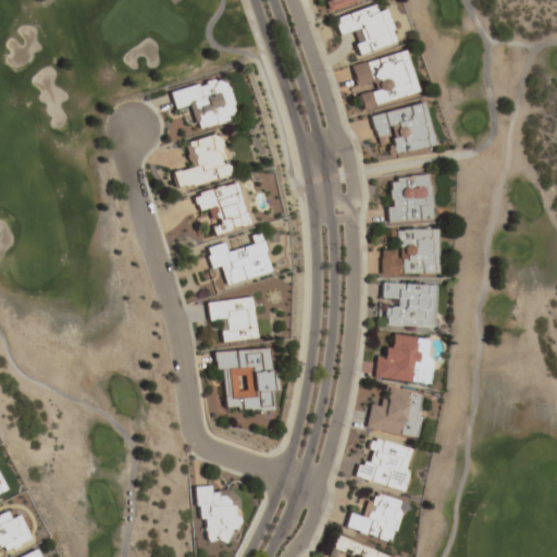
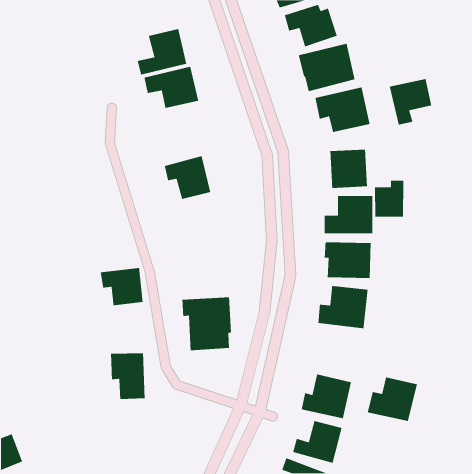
building: none -> [389,78,432,125]
building: [174,133,233,188] -> [137,28,187,75]
building: none -> [374,180,404,218]
building: [208,233,273,284] -> none
building: [208,296,259,342] -> [100,267,143,306]
building: [367,386,426,440] -> [367,376,418,422]
building: [197,486,238,542] -> [110,352,146,400]

